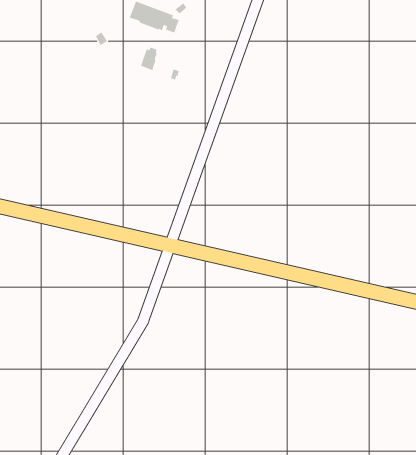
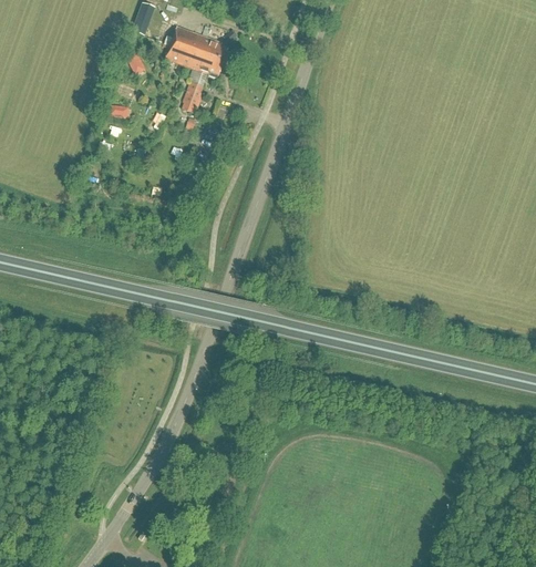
building: none -> [165,47,223,75]

